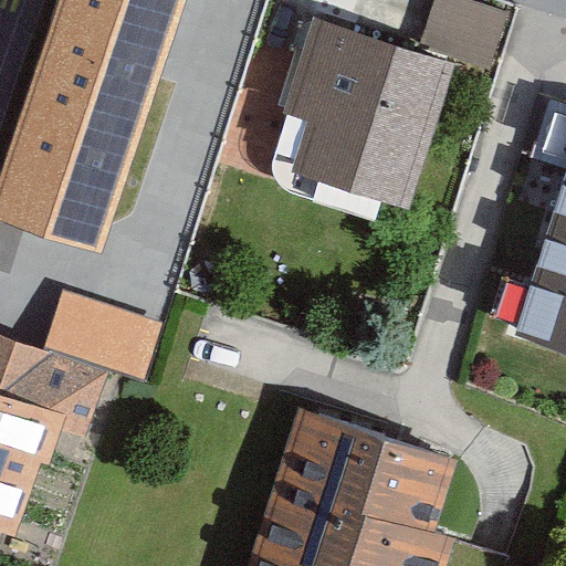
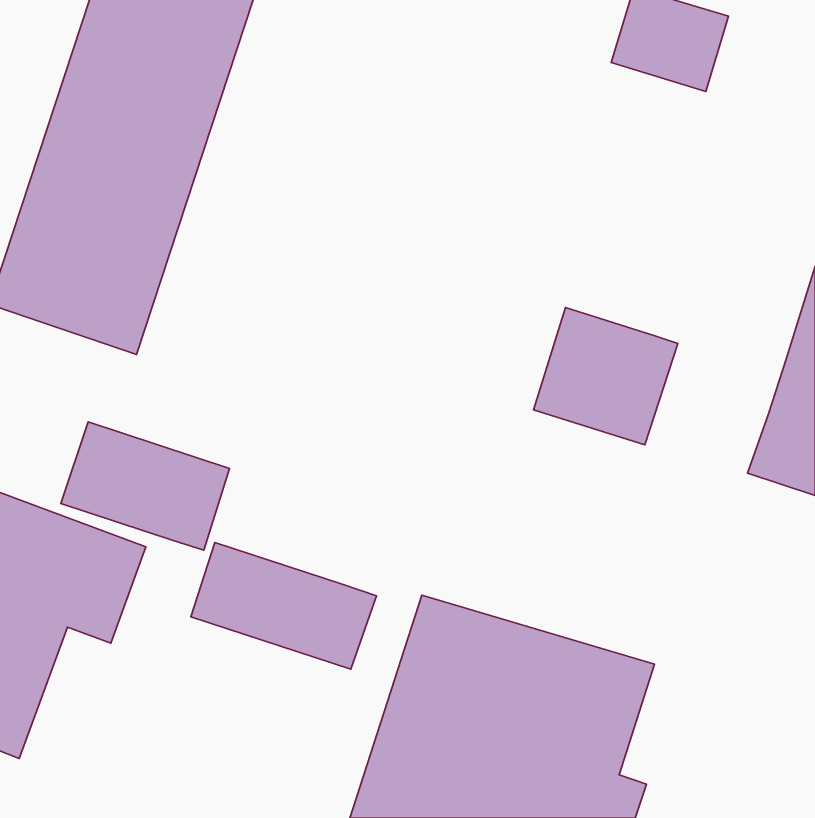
building: [285,20,448,205] -> none
building: none -> [533,307,678,445]
building: none -> [191,542,376,669]

